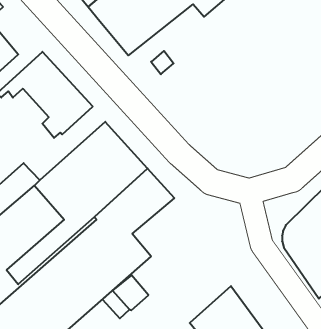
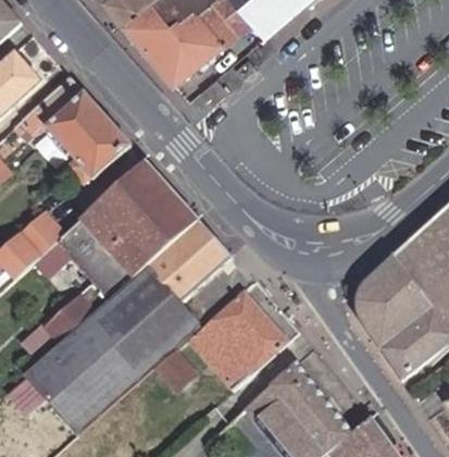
building: none -> [187,288,287,388]

